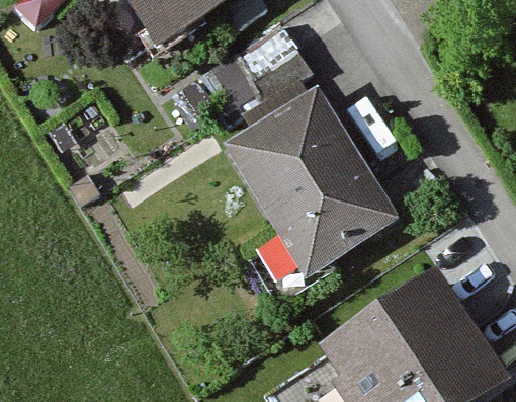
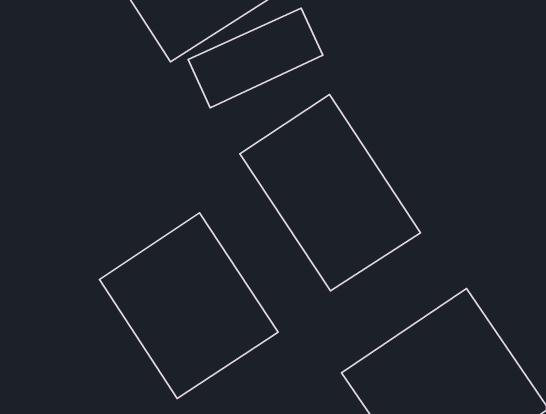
building: none -> [100,213,278,399]

